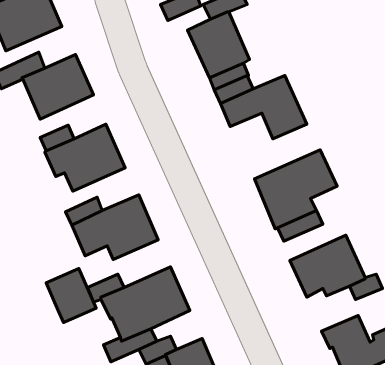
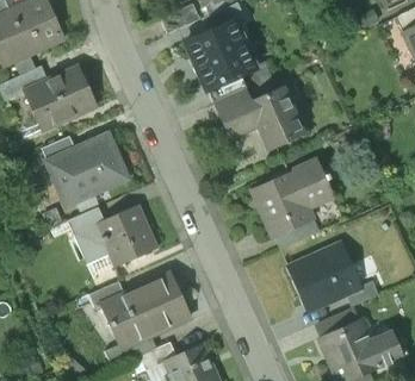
building: [46,268,96,322] -> none

